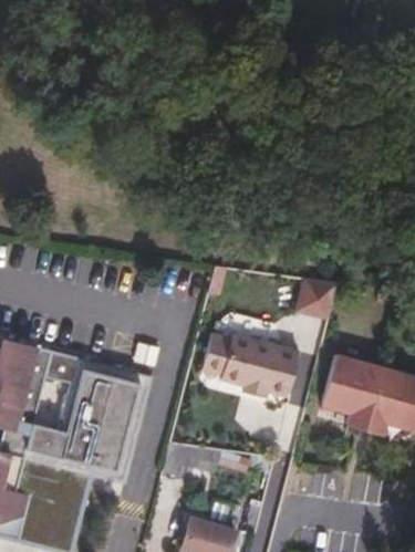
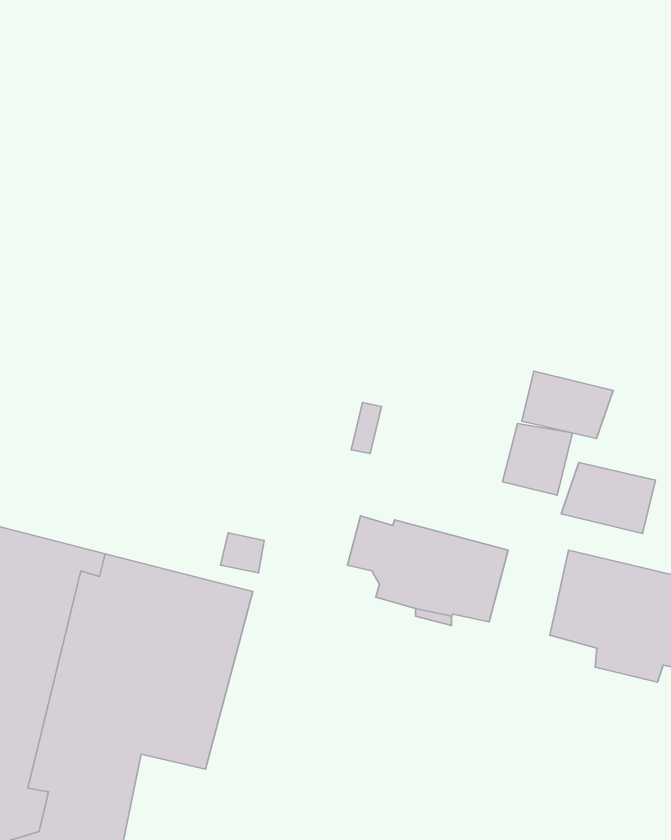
building: none -> [522,371,613,438]
building: none -> [561,462,655,534]

